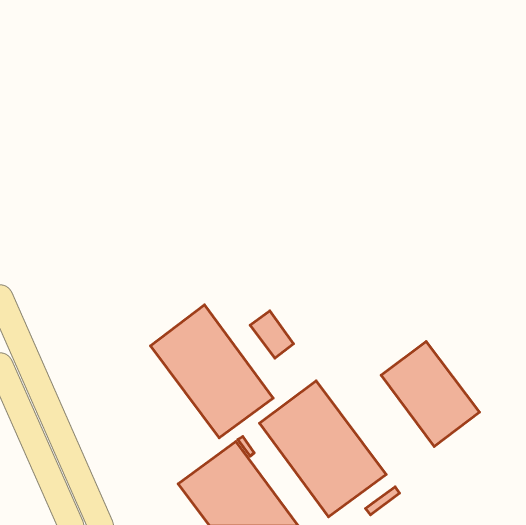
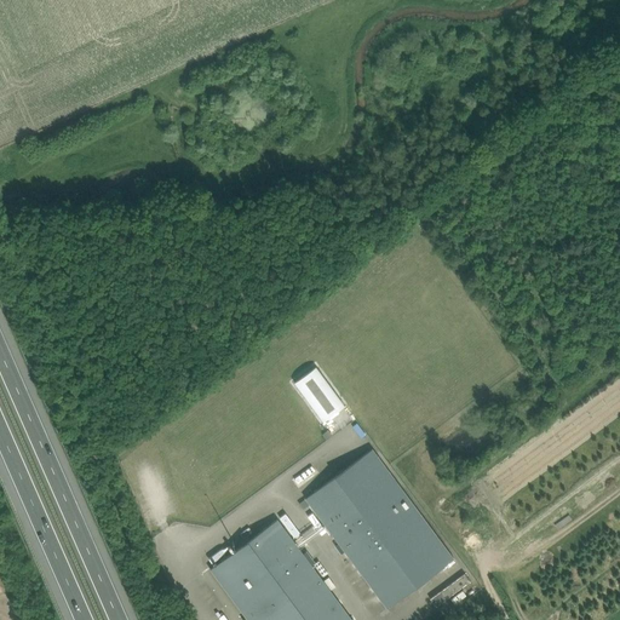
building: [150,305,273,438] -> none
building: [381,342,479,446] -> none

